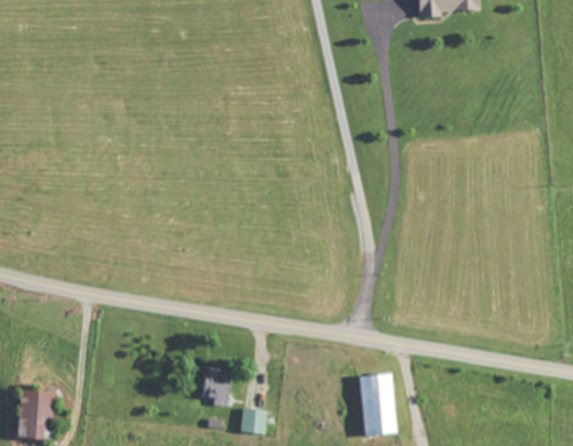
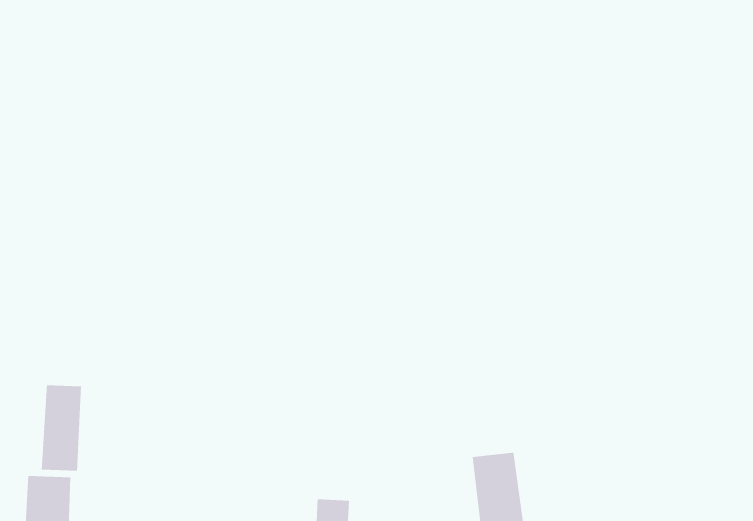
building: none -> [41,384,81,471]
building: [203,369,231,404] -> none

